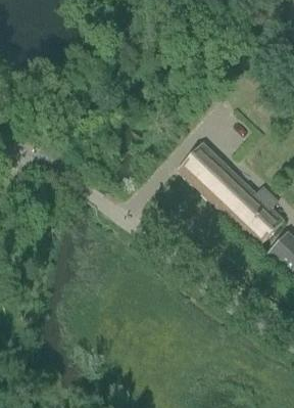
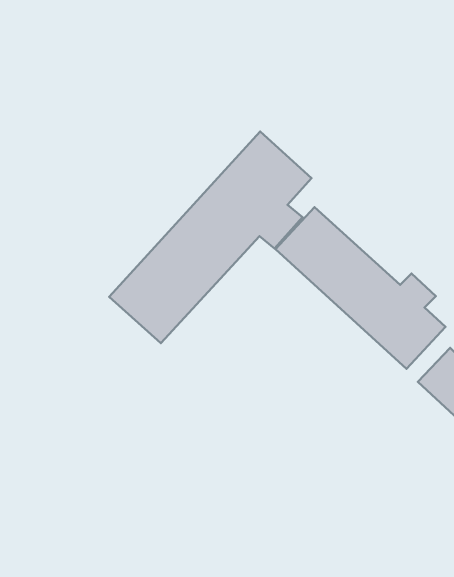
building: none -> [109,131,312,343]

